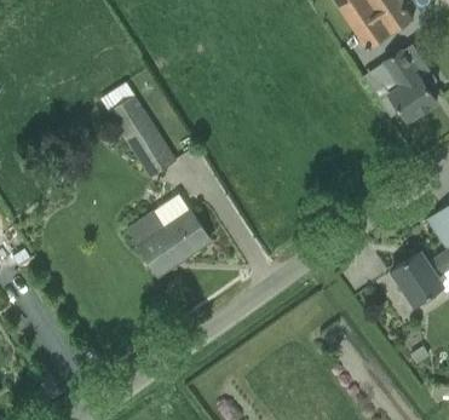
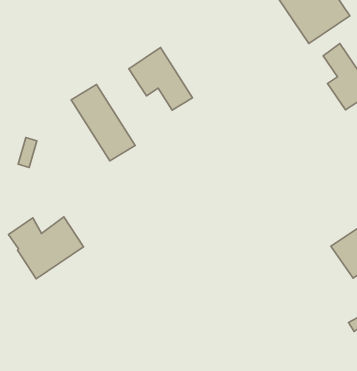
building: none -> [129,47,193,110]
building: [128,209,211,277] -> [8,217,84,279]

